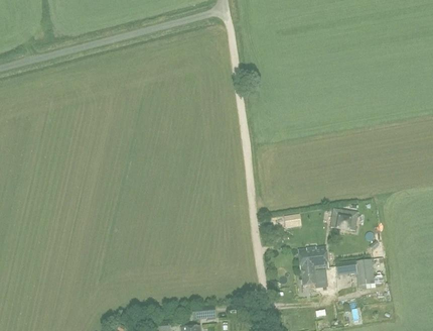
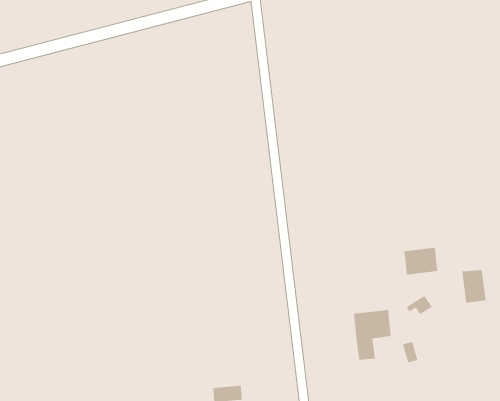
building: [354,260,374,286] -> [461,270,487,303]

